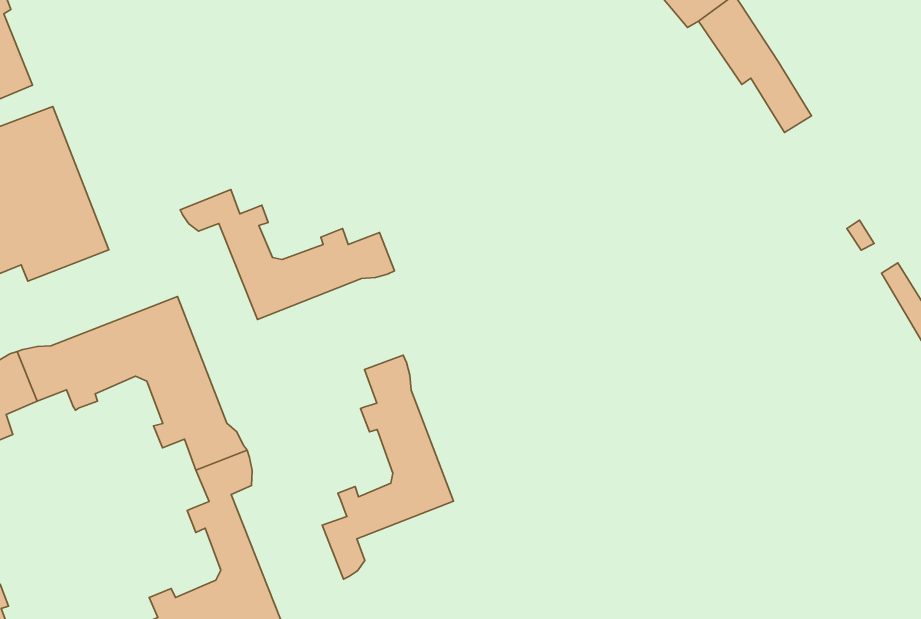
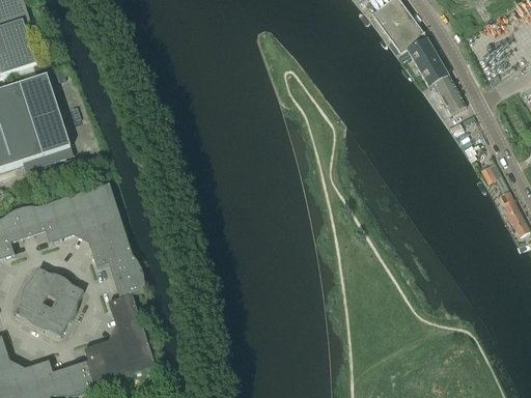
building: [180,189,394,320] -> none
building: [322,355,454,579] -> none
building: none -> [15,266,83,334]

